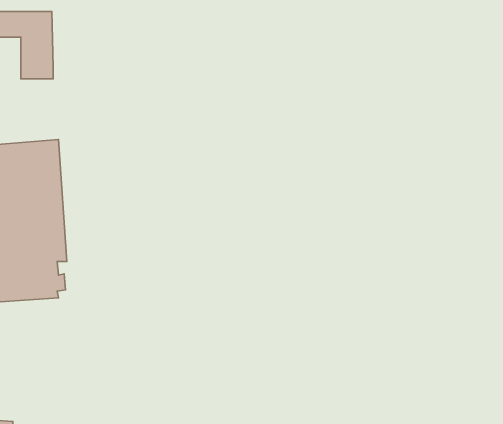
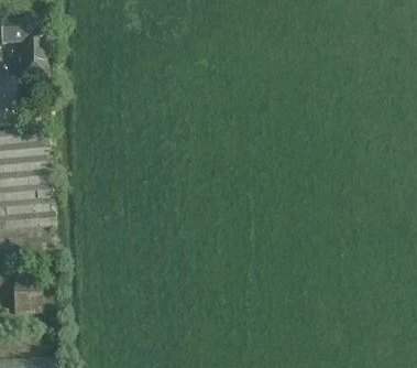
building: none -> [12,273,42,313]

